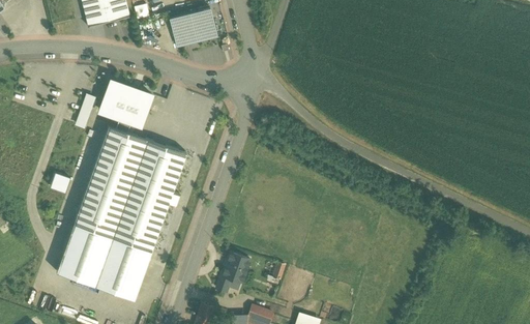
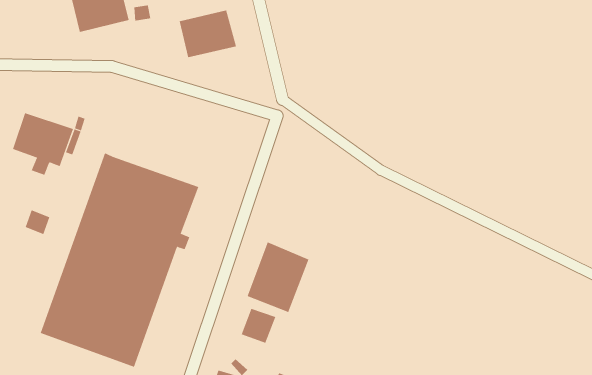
building: [100,81,151,132] -> [12,112,74,176]
building: none -> [247,242,309,313]

